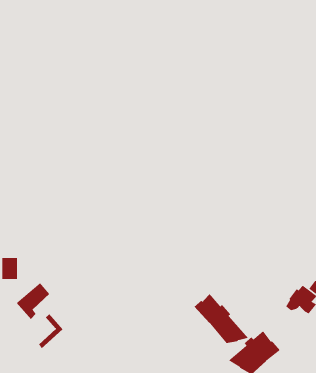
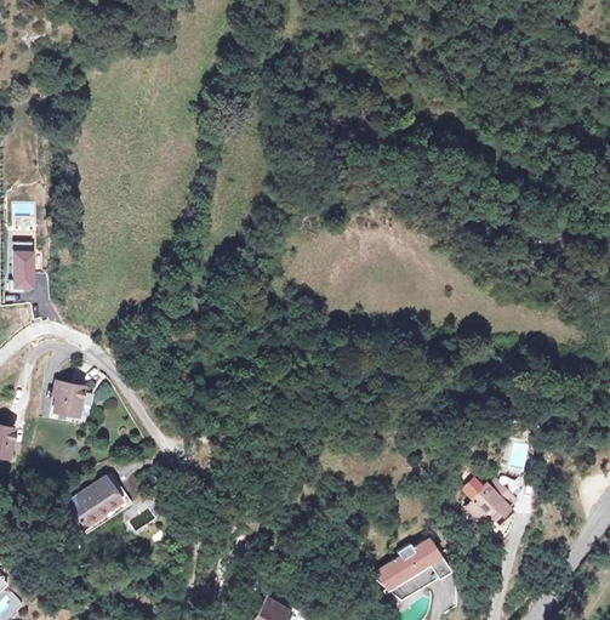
building: [16,282,50,320] -> [68,474,120,528]
building: [193,293,249,344] -> none

